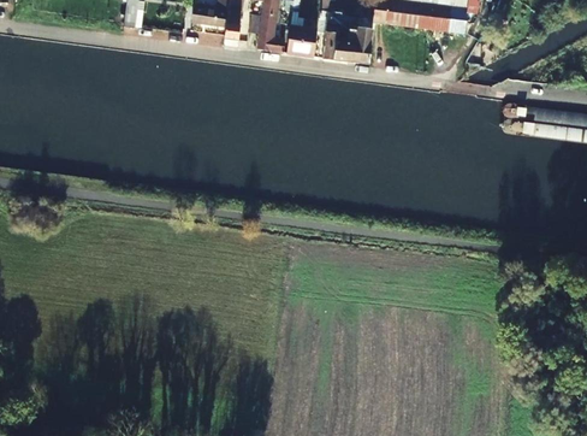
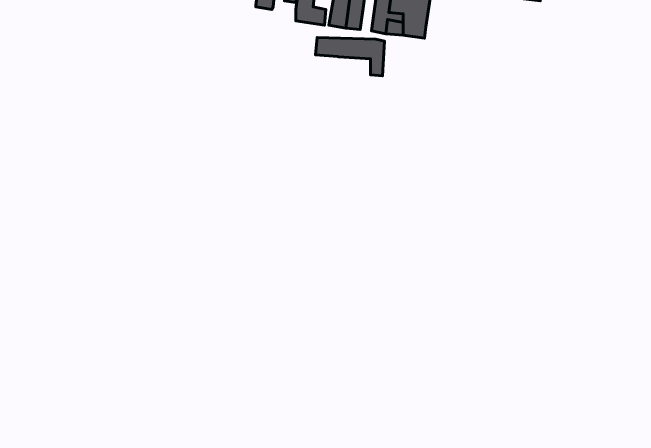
building: none -> [316,38,384,76]

